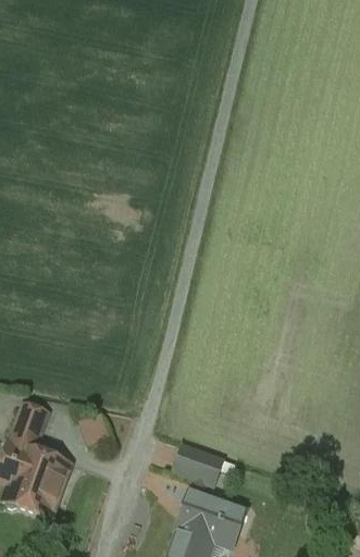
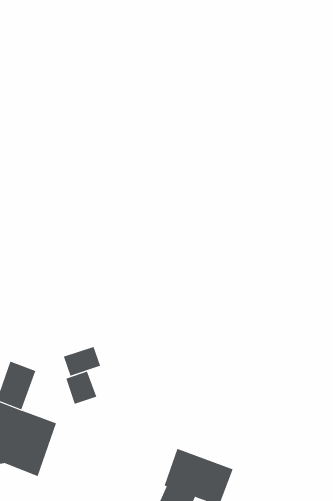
building: none -> [63,346,101,376]
building: [174,444,225,482] -> none

